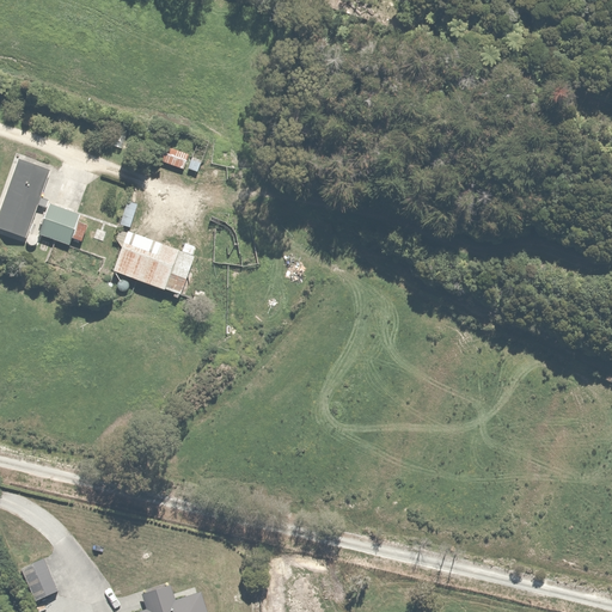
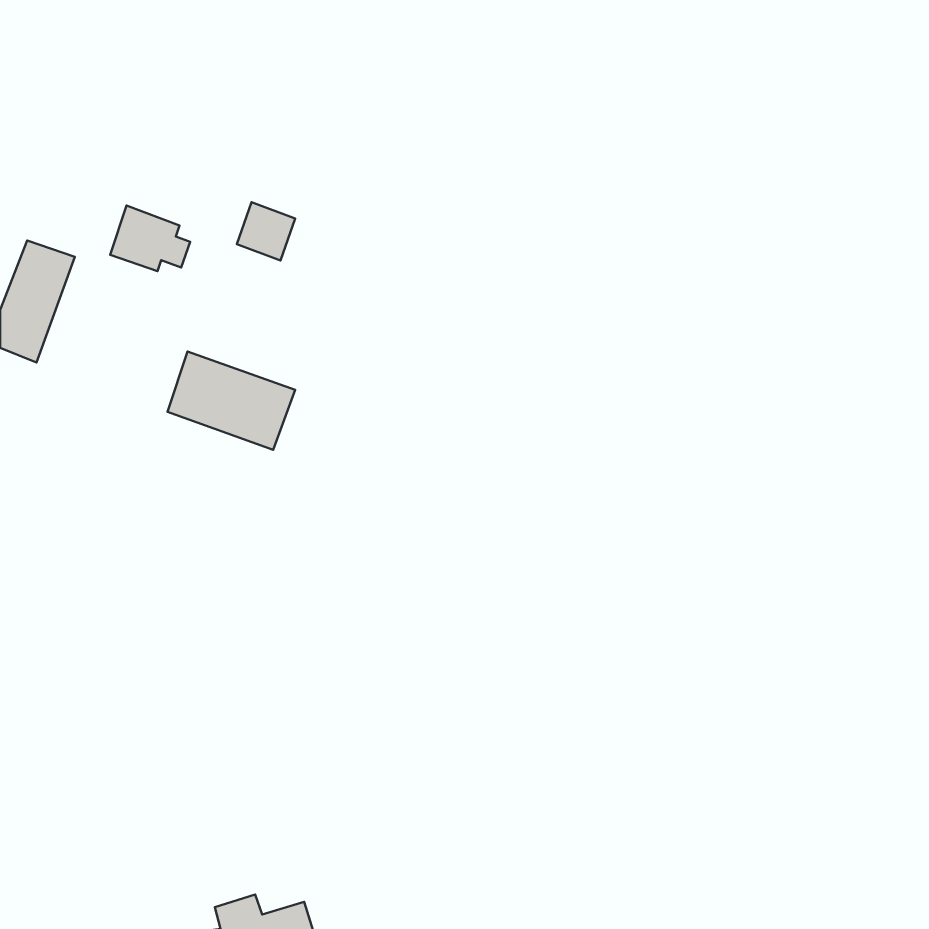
building: [37,202,90,245] -> [110,206,190,271]
building: [19,557,57,601] -> none

